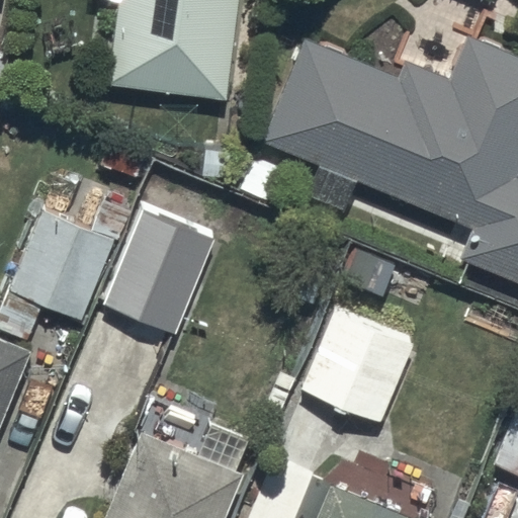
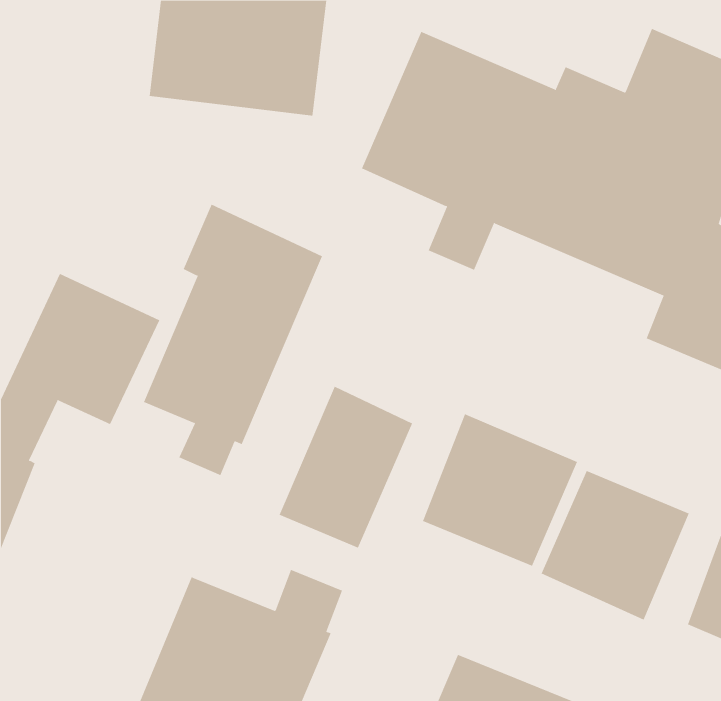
building: none -> [279,386,413,548]
building: none -> [541,470,689,620]

